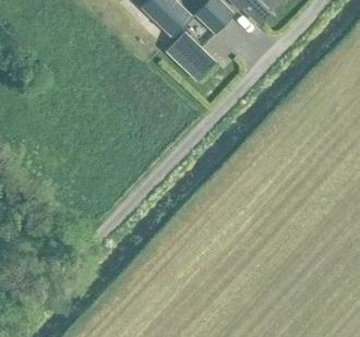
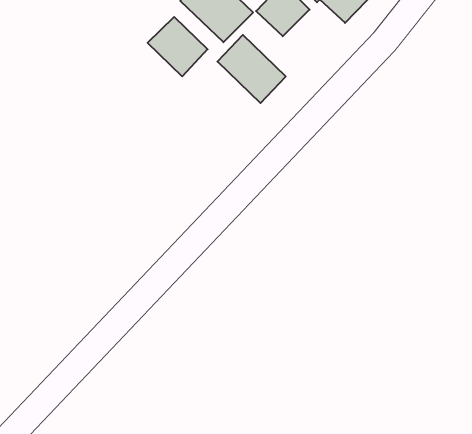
building: none -> [148,17,208,76]

